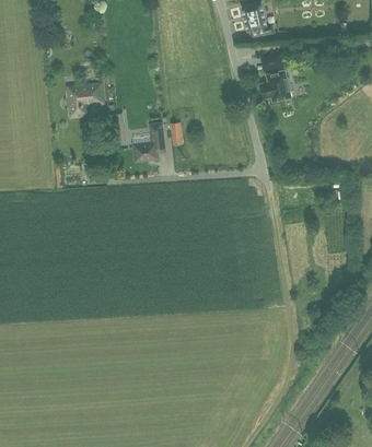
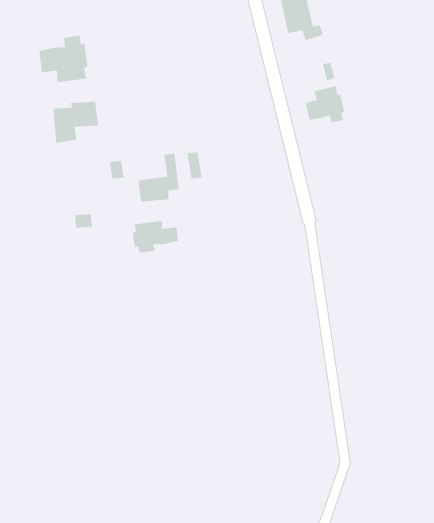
building: none -> [39,35,88,83]
building: none -> [132,220,179,253]

